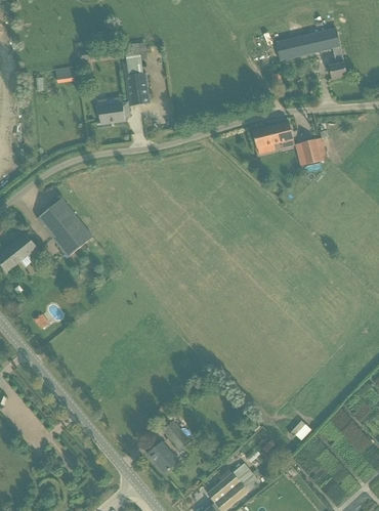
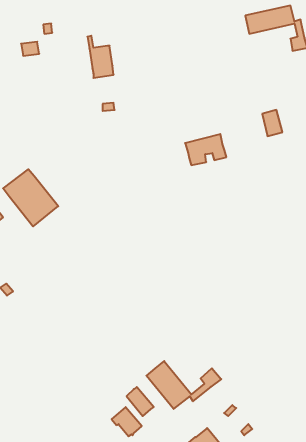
building: [96,99,130,123] -> none
building: [252,121,294,153] -> [185,134,226,165]
building: none -> [146,361,221,409]

